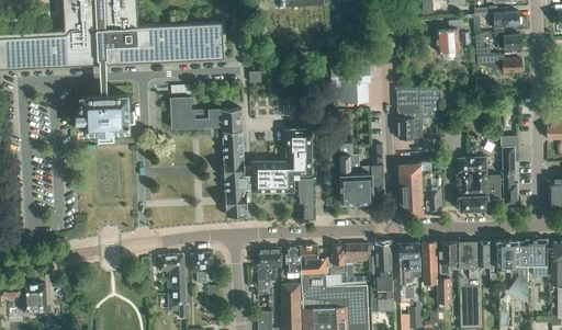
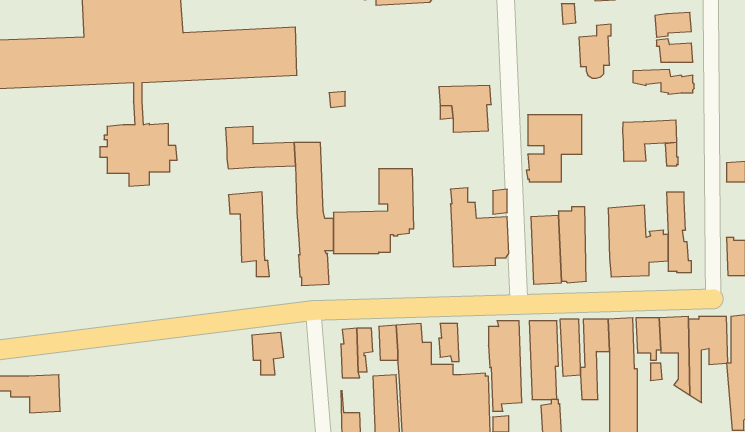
building: none -> [623,120,676,162]
building: [296,177,315,219] -> none
building: [345,243,368,276] -> none
building: [158,253,189,317] -> [228,192,269,277]

